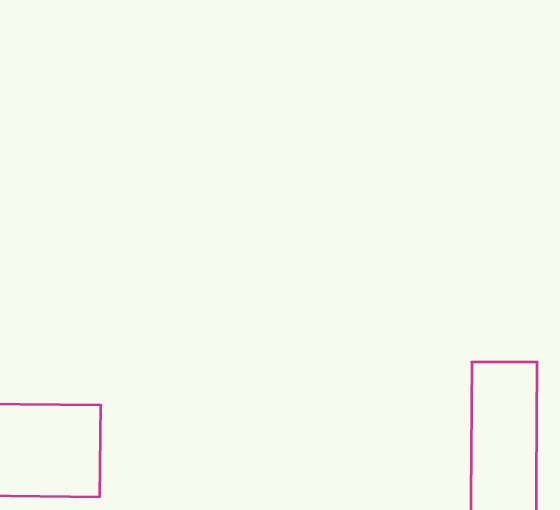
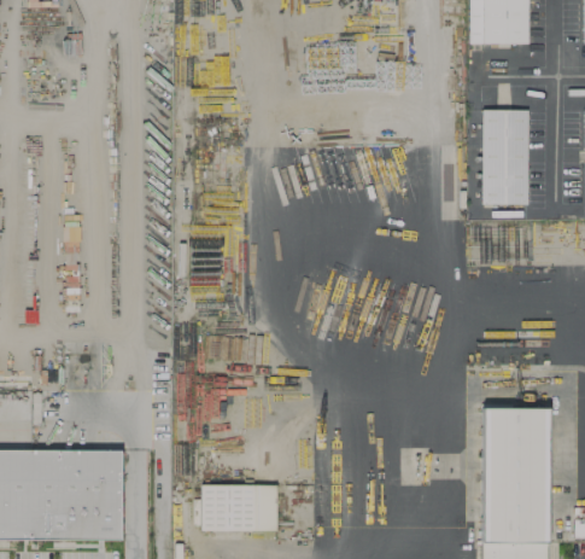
building: none -> [484,110,530,204]
building: none -> [200,483,275,530]

